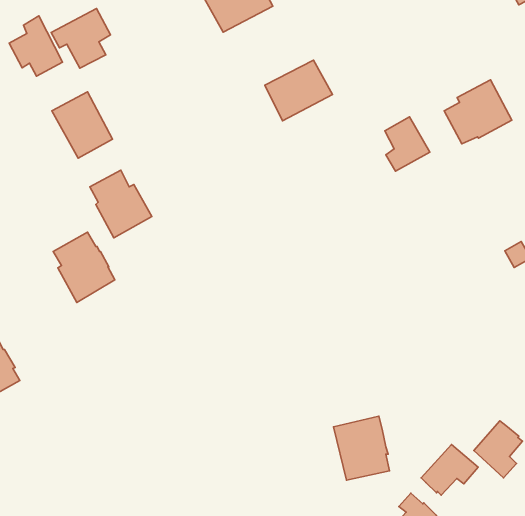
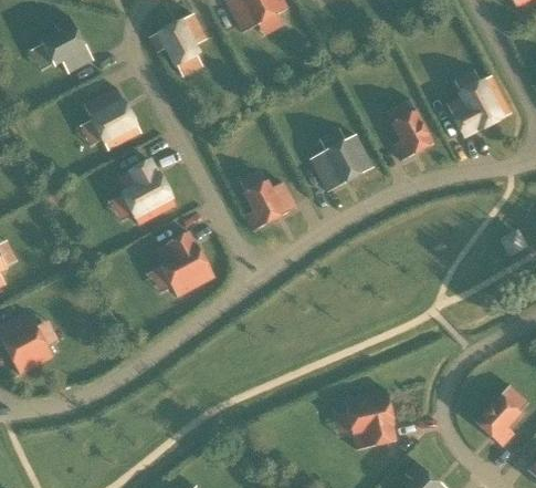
building: [51,9,111,68] -> [151,14,207,70]
building: [265,60,332,121] -> [311,135,374,191]
building: none -> [245,181,296,230]
building: [53,232,115,302] -> [157,231,214,297]
building: [421,444,478,495] -> none

